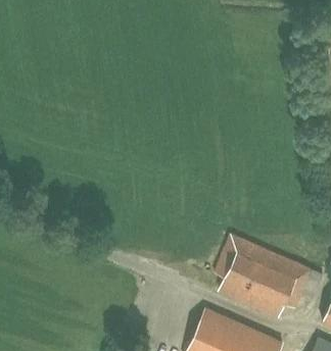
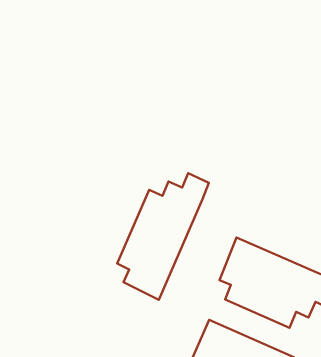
building: none -> [117,173,209,300]

